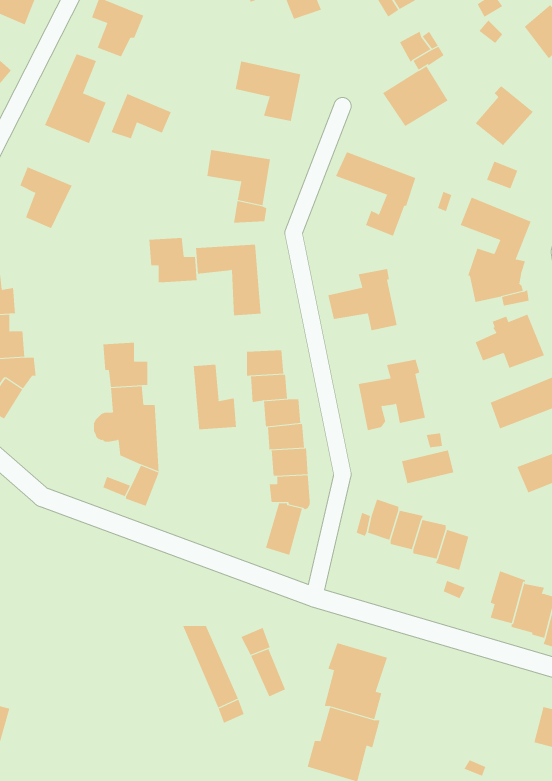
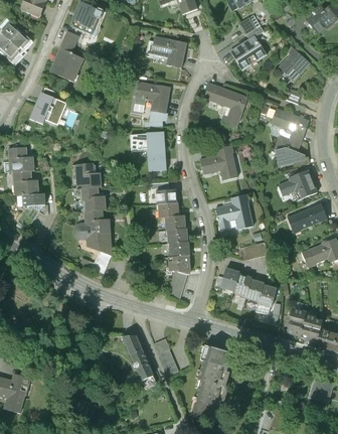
building: [111,93,172,139] -> none
building: [149,238,198,283] -> [73,162,100,186]
building: [193,364,236,430] -> none

